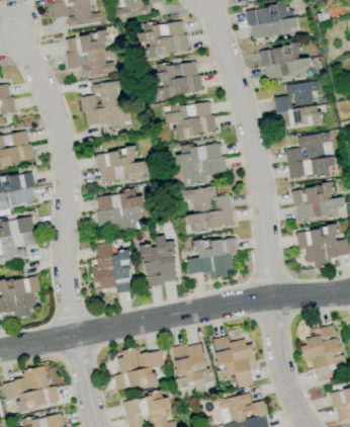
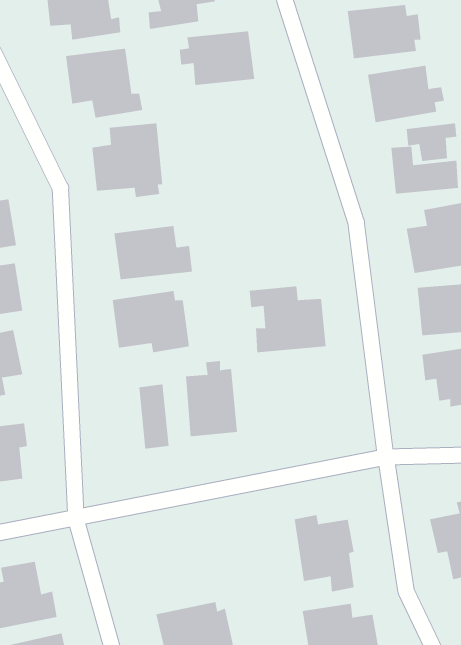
building: [153,61,202,97] -> none
building: [166,101,215,137] -> none
building: [179,142,226,186] -> none
building: [188,237,238,277] -> none
building: [94,243,115,289] -> none
building: [171,342,210,387] -> none
building: [114,348,164,392] -> none

